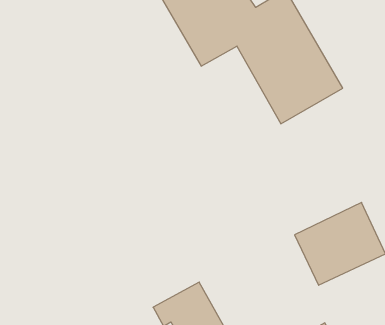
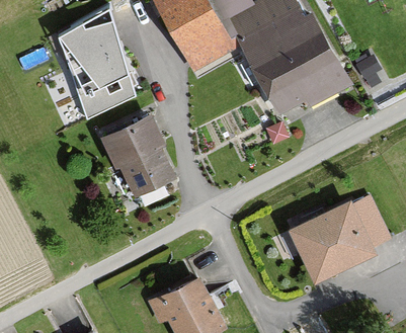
building: none -> [59,11,135,120]
building: none -> [105,116,177,196]

